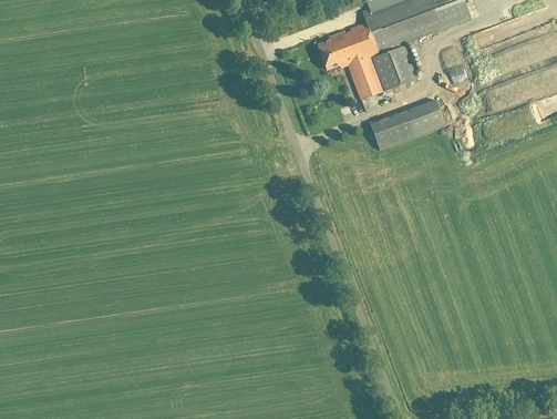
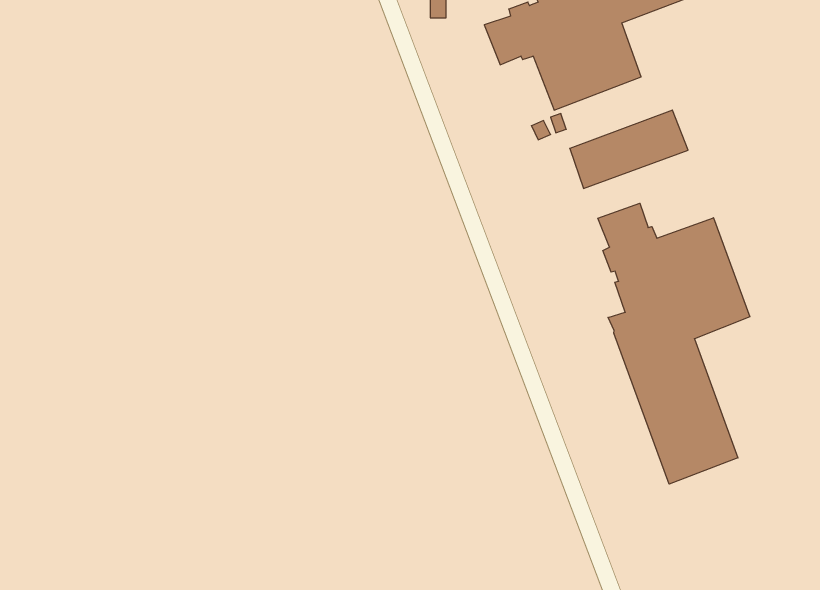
building: none -> [598,203,750,484]

